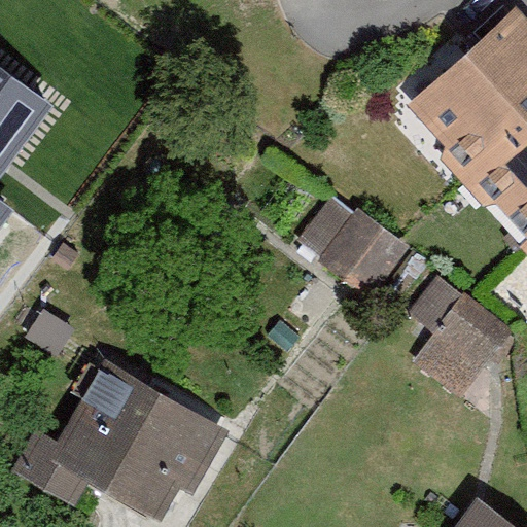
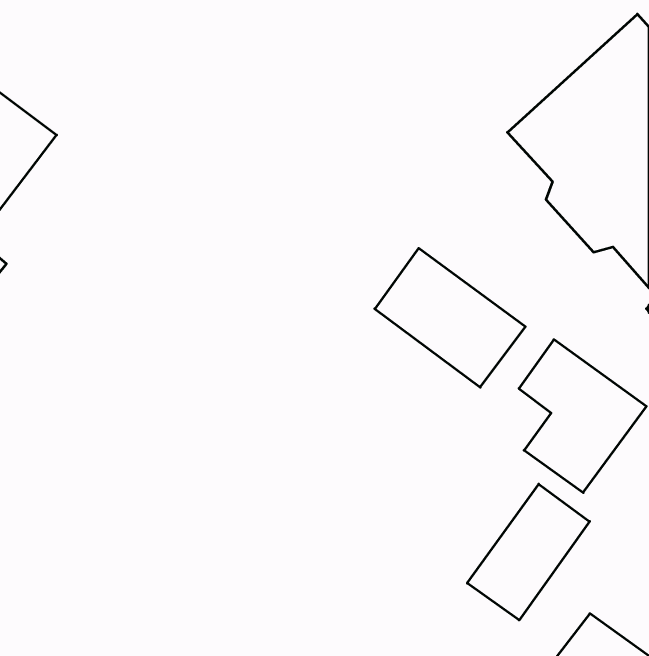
building: [28,363,219,516] -> none
building: none -> [467,484,590,620]

